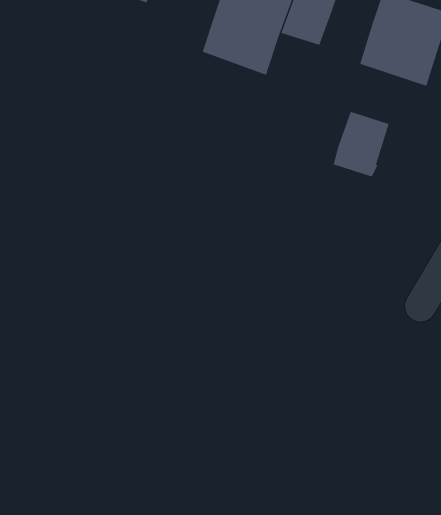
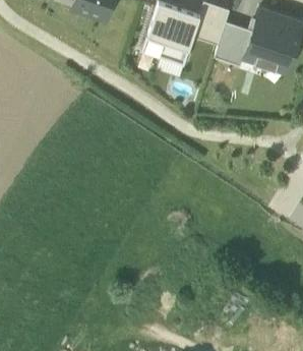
building: [333,111,390,177] -> [216,22,252,65]

